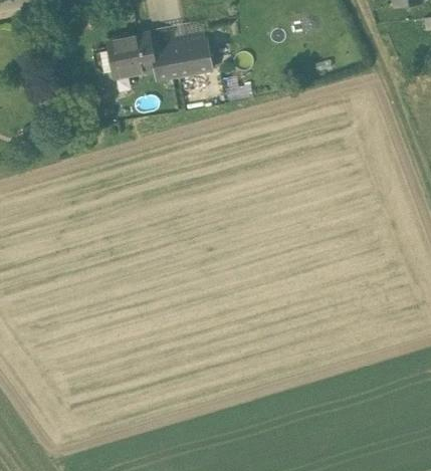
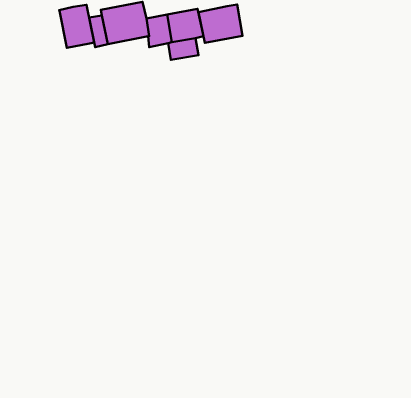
building: none -> [198,5,243,43]
building: none -> [59,5,94,48]

